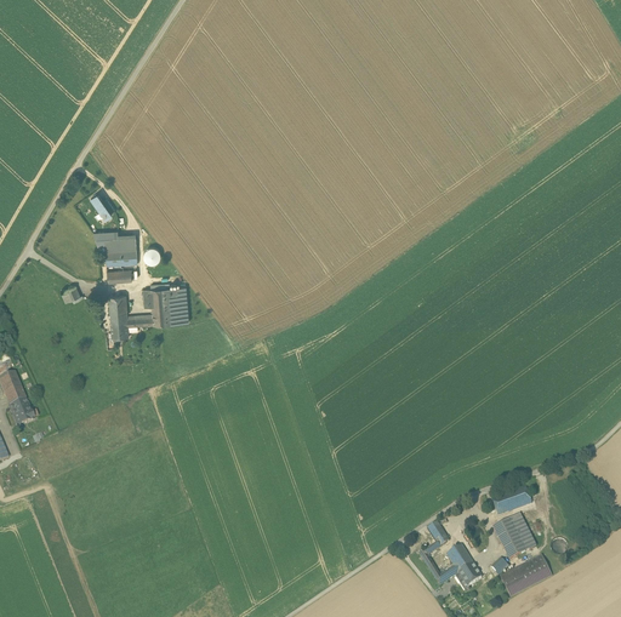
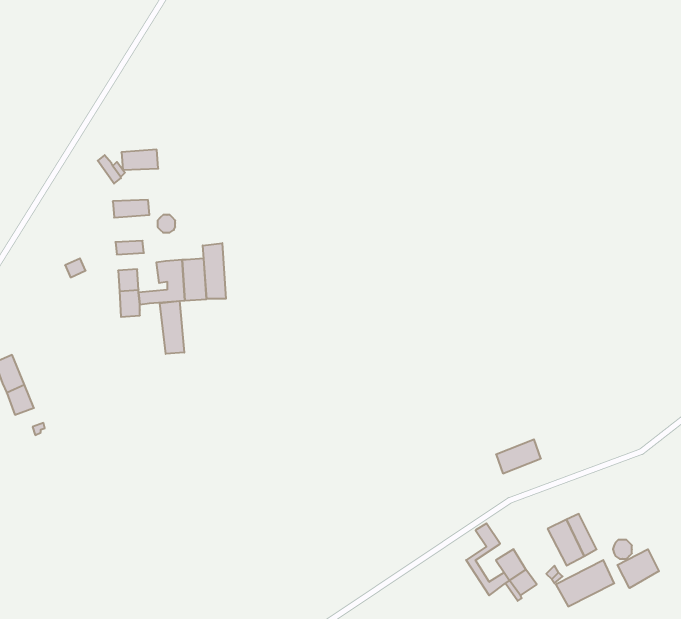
building: [104,246,137,264] -> [121,150,158,170]
building: none -> [203,243,226,299]
building: none -> [160,301,184,354]
building: [490,484,530,514] -> [496,439,541,473]
building: none -> [617,549,659,588]

